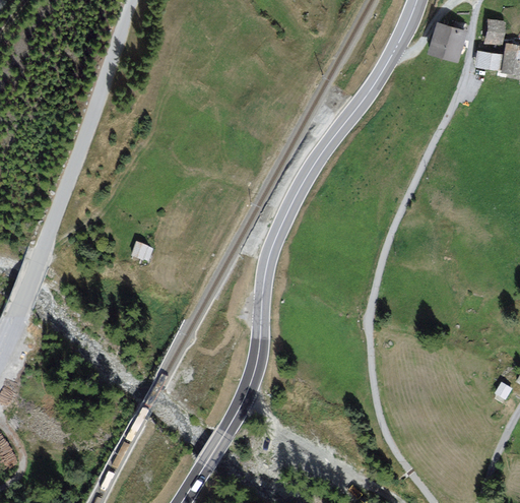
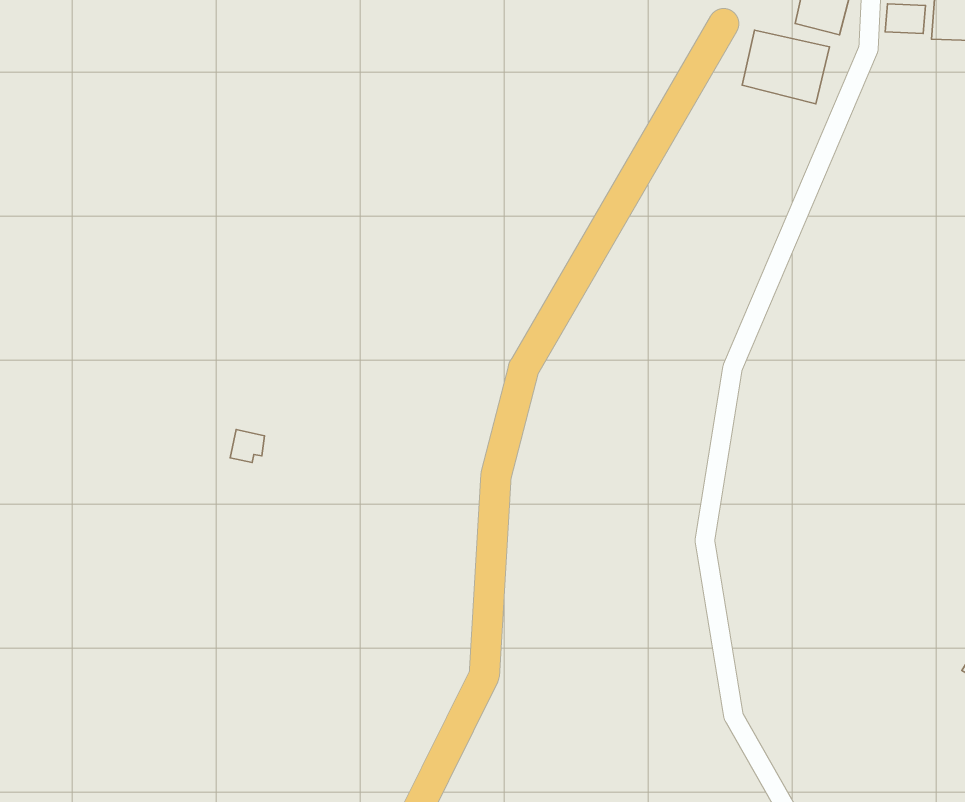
building: none -> [742,30,830,104]

